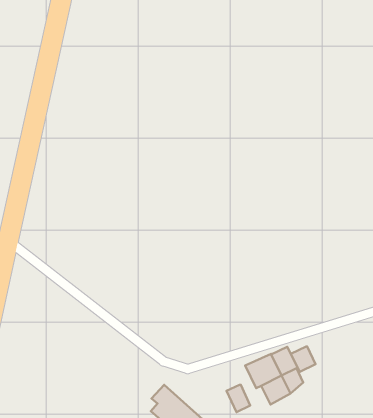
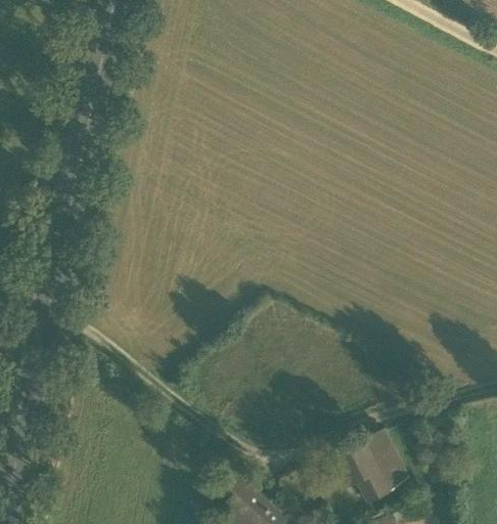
building: [291,346,315,372] -> none
building: [226,385,250,412] -> none

